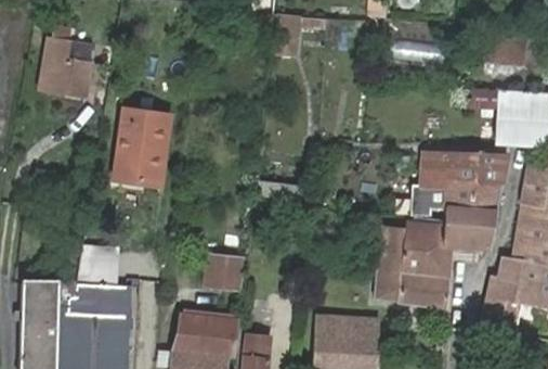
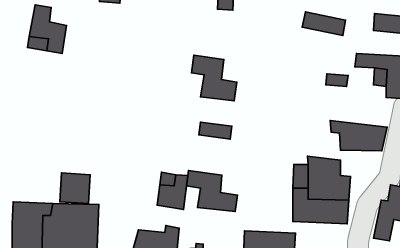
building: none -> [192,55,237,101]
building: [113,111,167,184] -> none
building: [426,157,504,184] -> none
building: [439,214,492,250] -> none
building: none -> [186,171,237,212]

